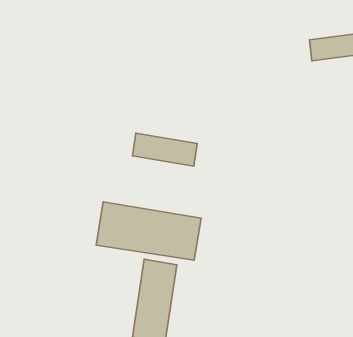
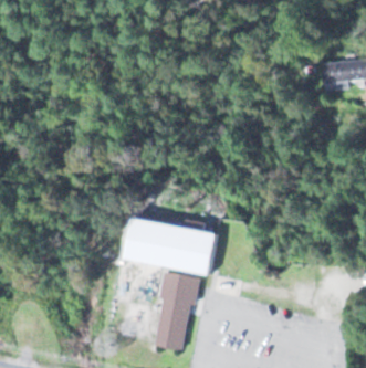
building: [133,133,197,166] -> none

